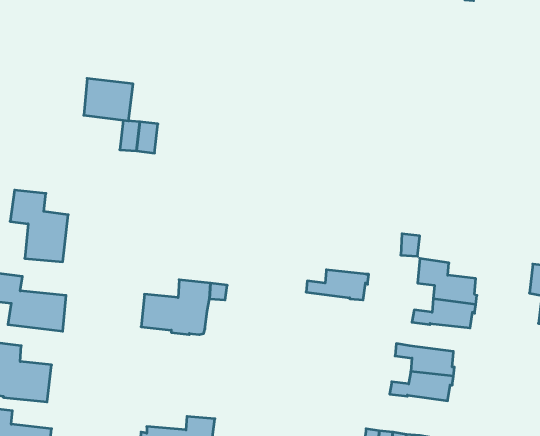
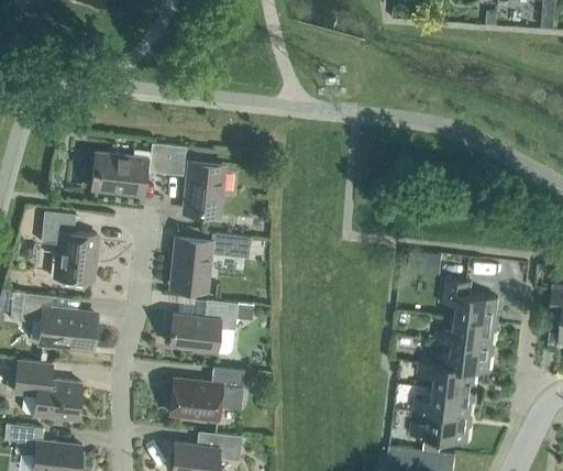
building: [84,78,133,121] -> [96,153,144,195]
building: none -> [184,165,224,213]
building: none -> [170,233,251,288]
building: [306,270,369,300] -> [433,342,495,372]
building: none -> [170,366,243,419]
building: none -> [411,413,473,442]

